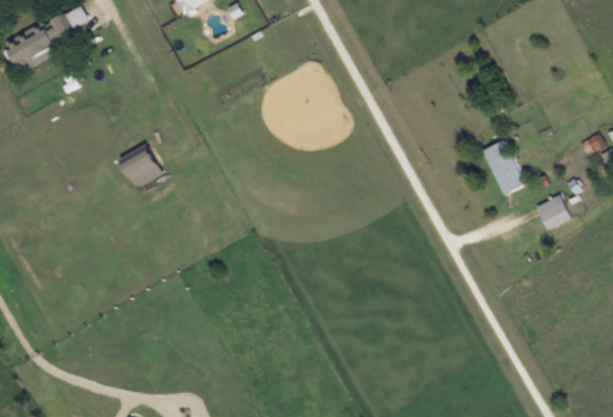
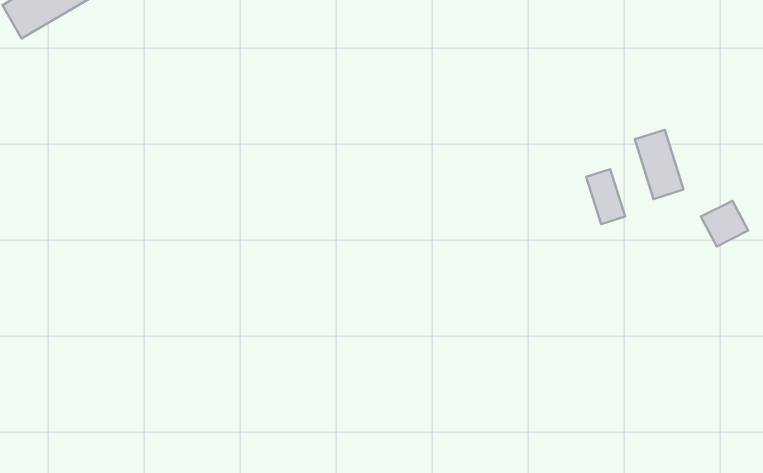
building: [121,149,162,188] -> none
building: none -> [586,169,625,224]

